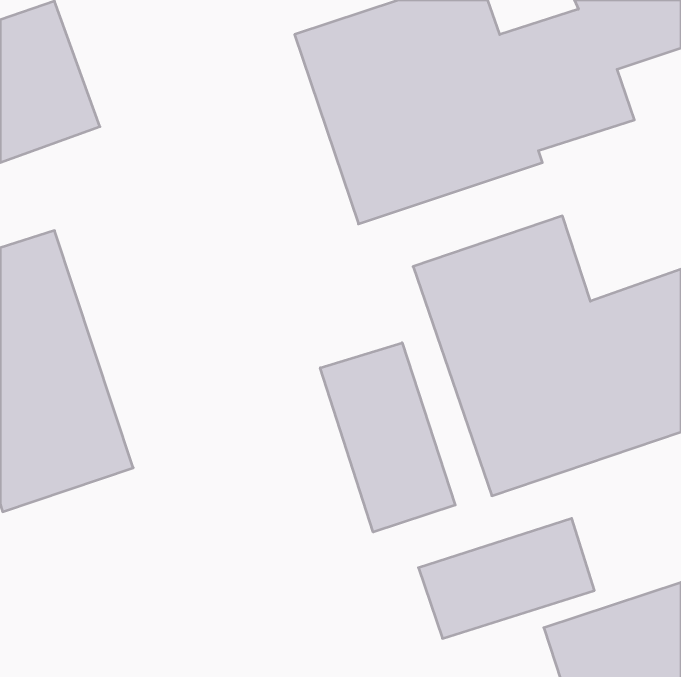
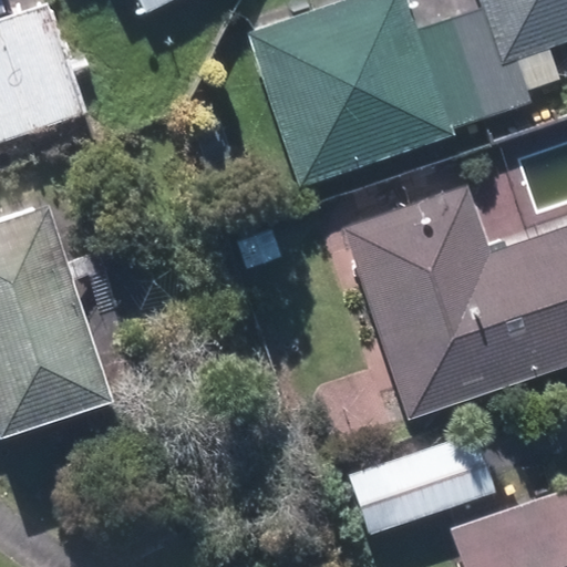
building: [320,343,455,532] -> none

